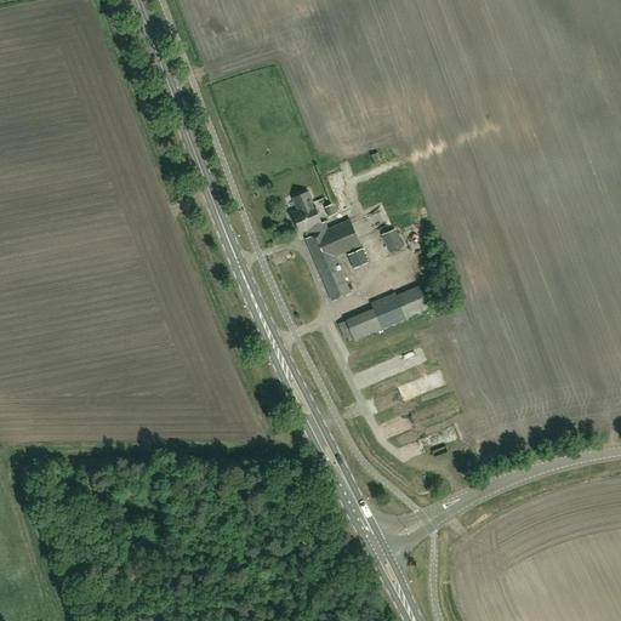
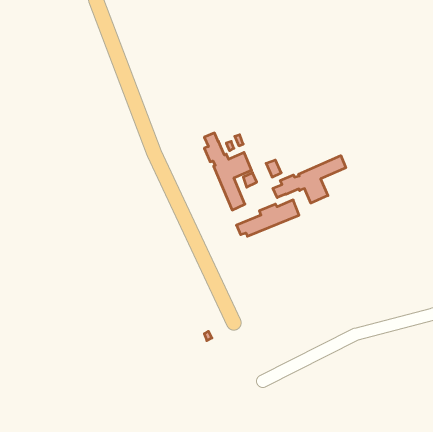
building: none -> [273,156,346,203]

